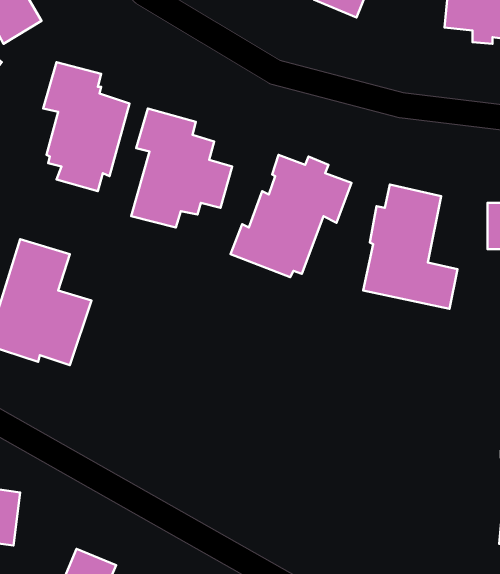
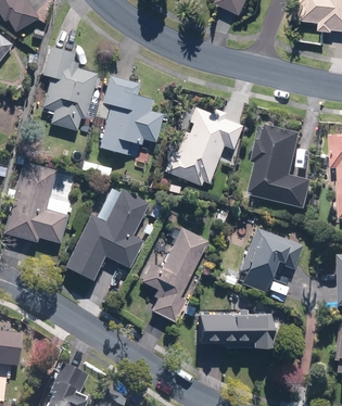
building: none -> [63,190,143,281]
building: none -> [139,224,206,323]
building: none -> [239,229,302,291]
building: none -> [199,308,269,348]

